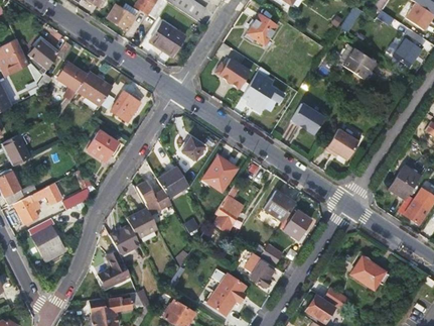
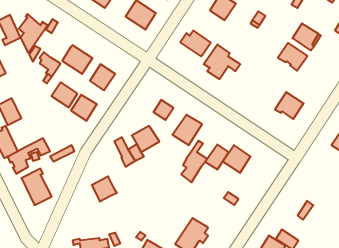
building: [56,63,87,92] -> [51,82,77,107]
building: [289,101,323,133] -> [278,43,307,71]
building: [127,209,158,240] -> none
building: [284,210,311,239] -> [205,144,229,170]
building: [245,253,275,288] -> none
building: [100,254,136,293] -> none
building: [355,259,384,288] -> none

